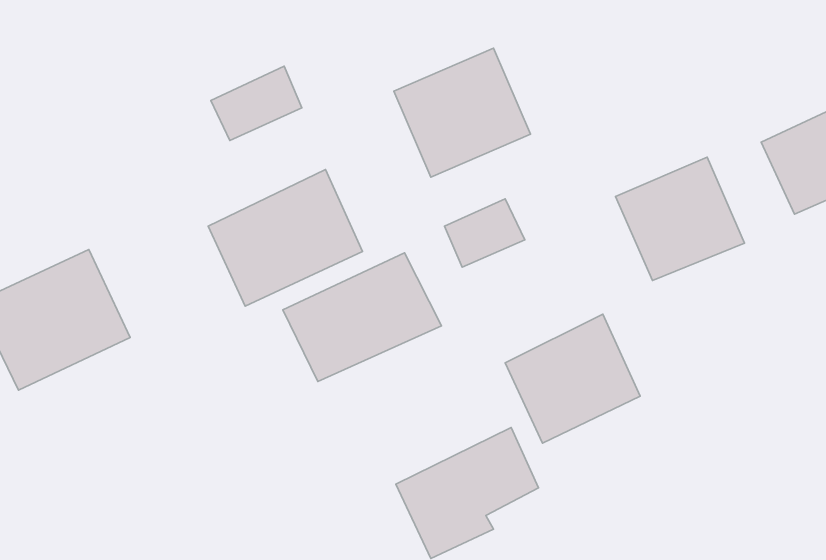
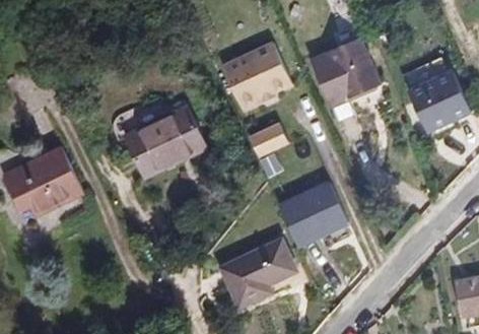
building: [211,66,302,140] -> none
building: [615,157,744,280] -> [312,39,379,103]
building: [283,253,441,382] -> none

